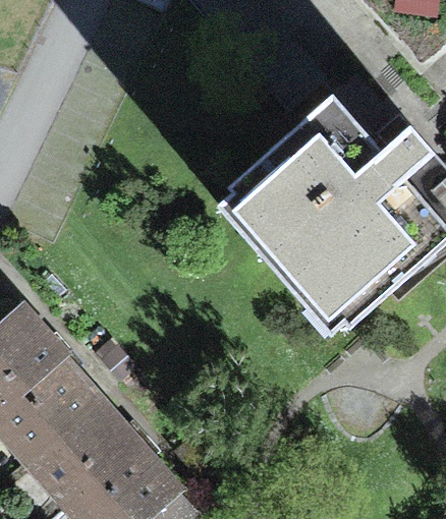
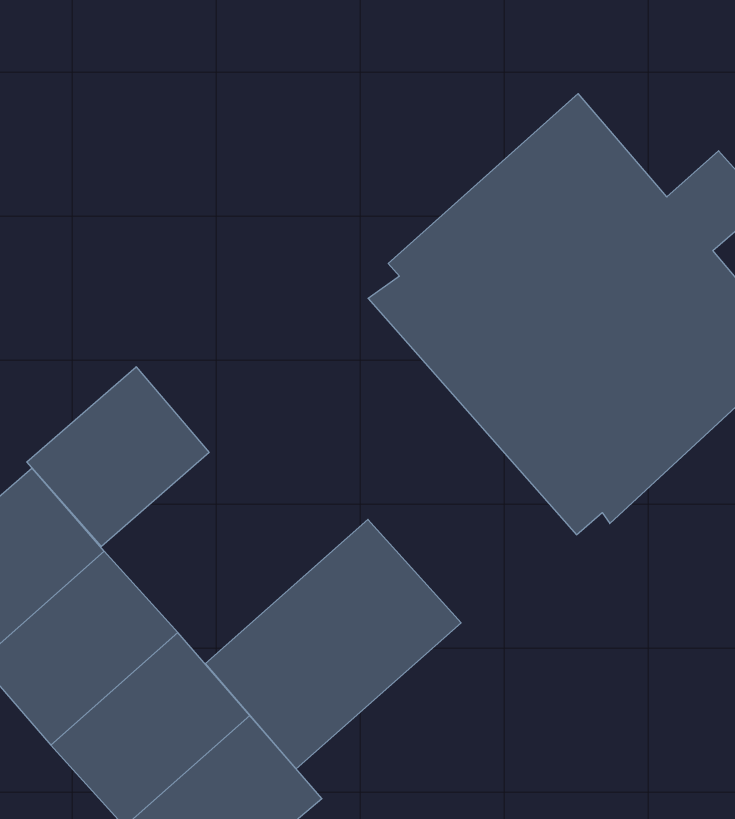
building: none -> [27,367,209,547]
building: none -> [206,519,461,769]

